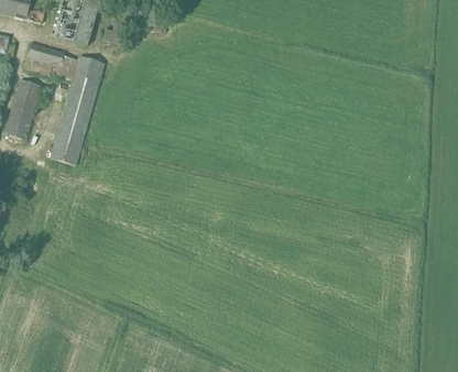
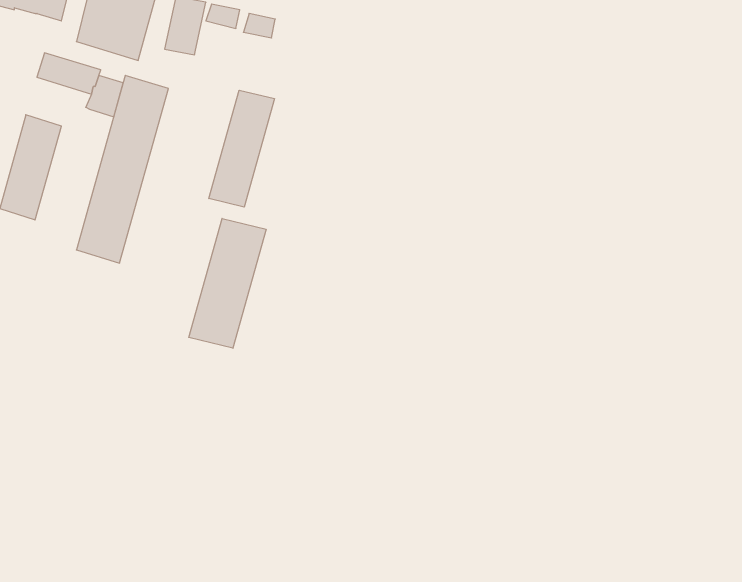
building: none -> [209,90,274,207]
building: none -> [189,218,266,348]

